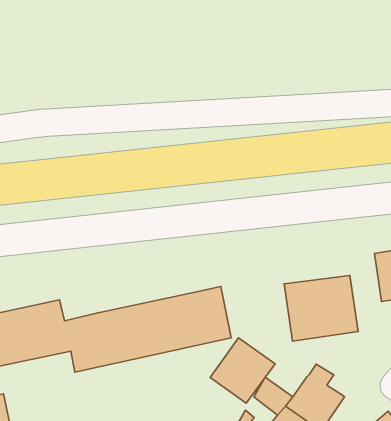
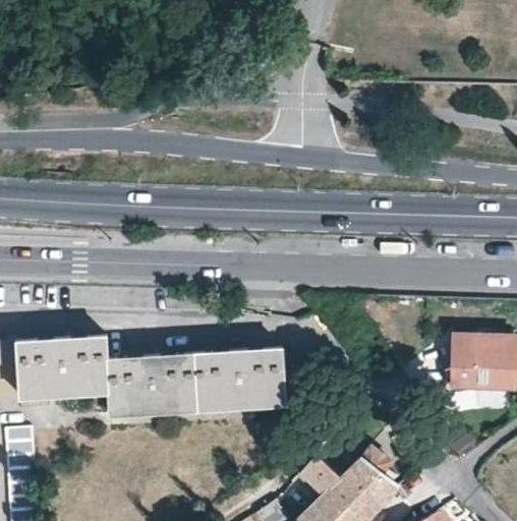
building: [284,275,358,341] -> none
building: [210,338,275,403] -> none

